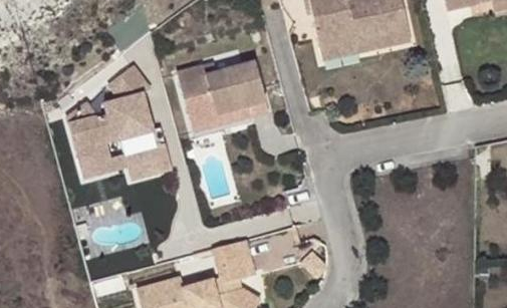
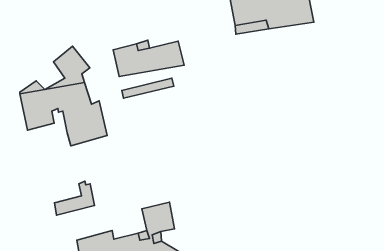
building: [186,89,265,118] -> none
building: [79,139,125,179] -> [55,181,94,215]

